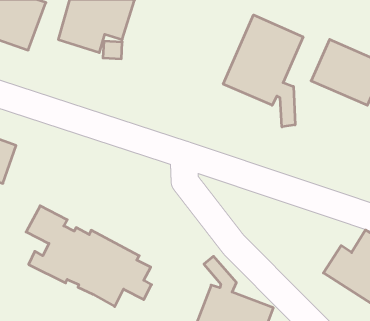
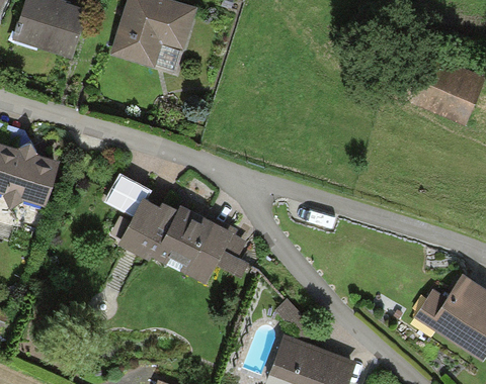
building: [223,15,303,127] -> none
building: [26,206,152,307] -> [104,171,249,287]

